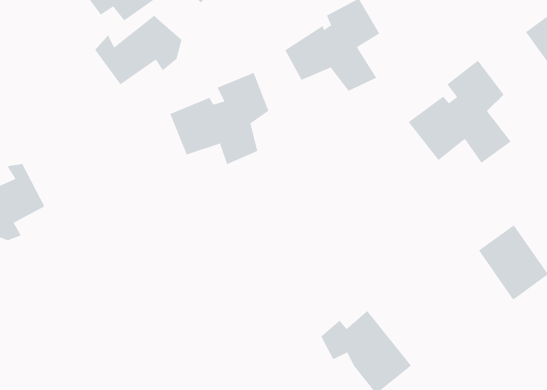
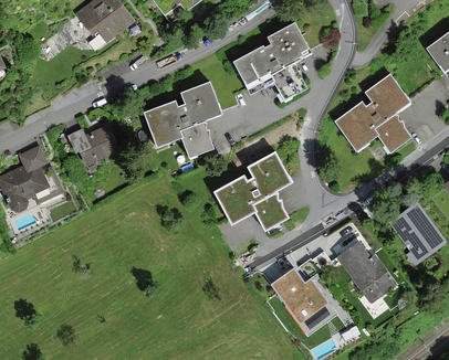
building: [95,15,182,85] -> none
building: none -> [70,130,113,168]
building: none -> [213,149,294,229]
building: none -> [334,236,399,305]

